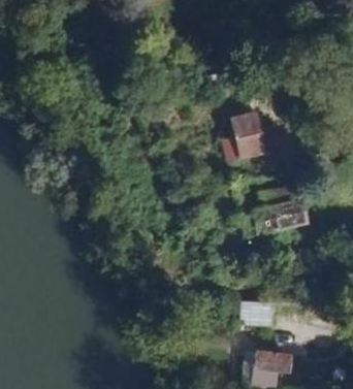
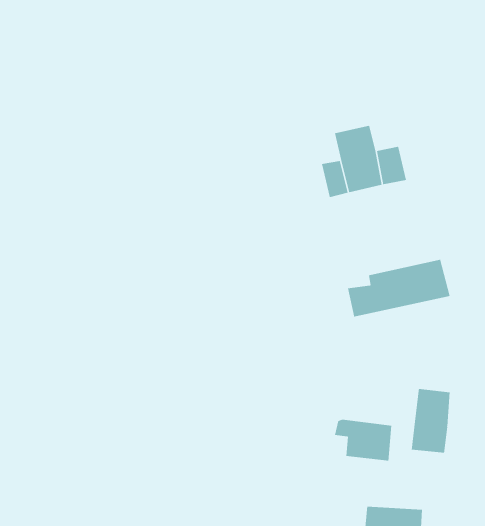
building: none -> [411,388,450,453]

